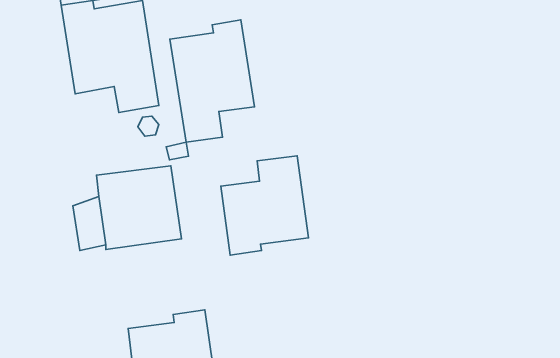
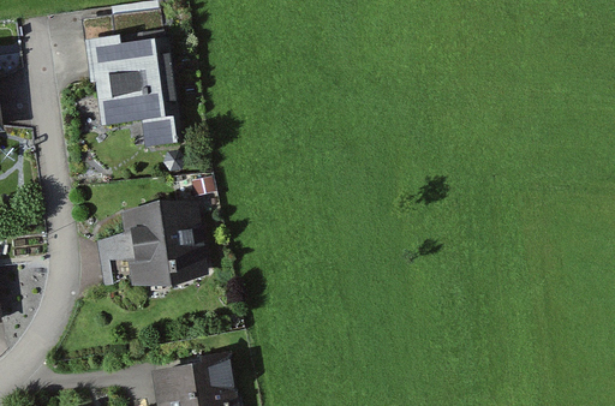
building: [170,20,254,142] -> none
building: [221,156,309,255] -> none

